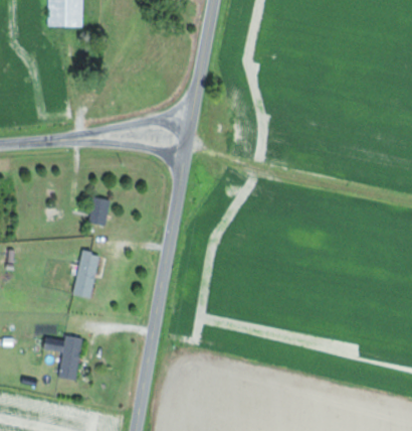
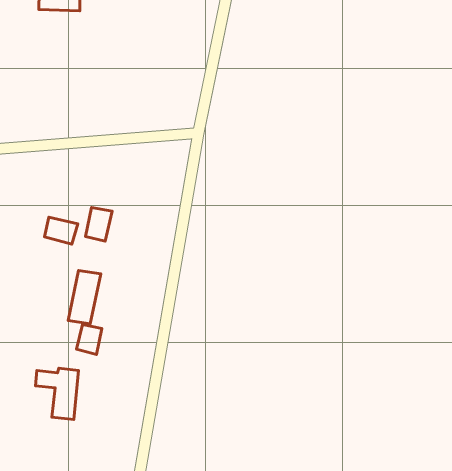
building: none -> [44,217,78,244]
building: none -> [77,324,102,354]

